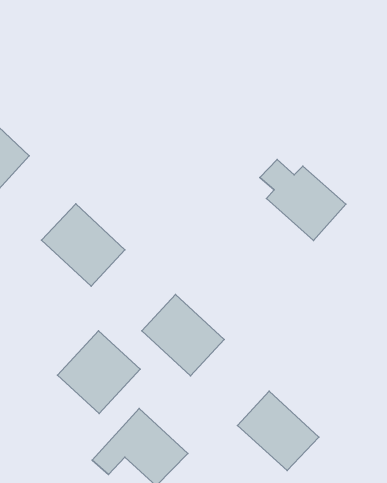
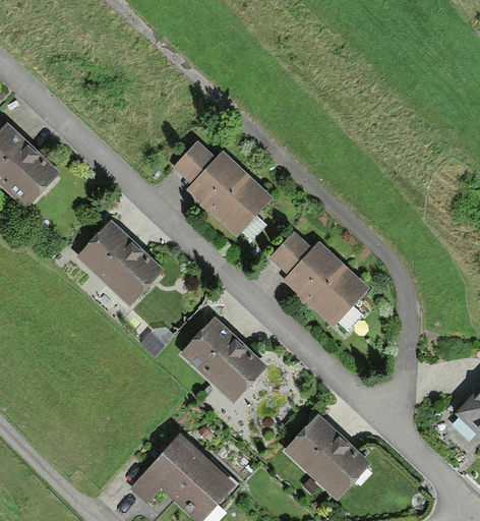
building: none -> [175,142,276,238]
building: [260,159,346,241] -> [274,235,365,322]
building: [58,331,140,414] -> none

